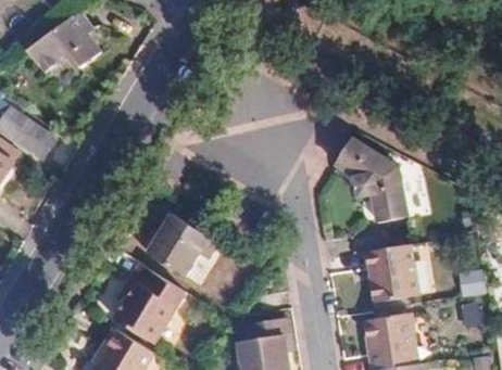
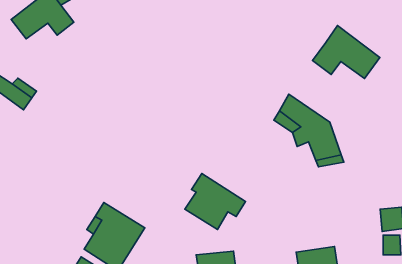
building: none -> [312,25,380,78]
building: [146,209,216,275] -> [185,173,246,230]
building: [365,245,416,303] -> none

